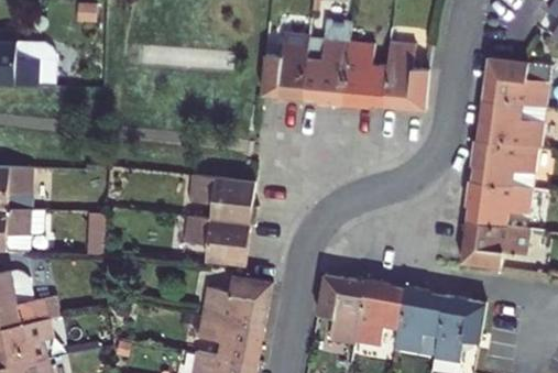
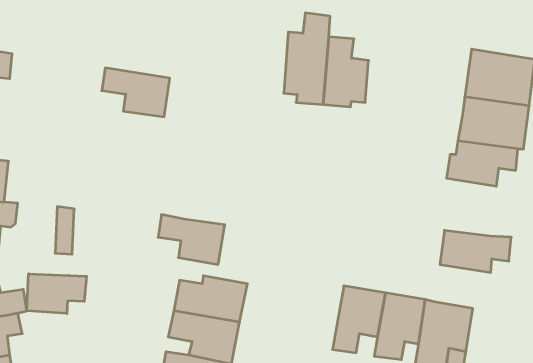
building: [266,32,311,98] -> none
building: [385,42,433,111] -> none
building: [188,178,254,226] -> [102,68,170,117]
building: [460,180,529,237] -> none
building: none -> [27,274,87,314]
building: [315,277,364,350] -> none

